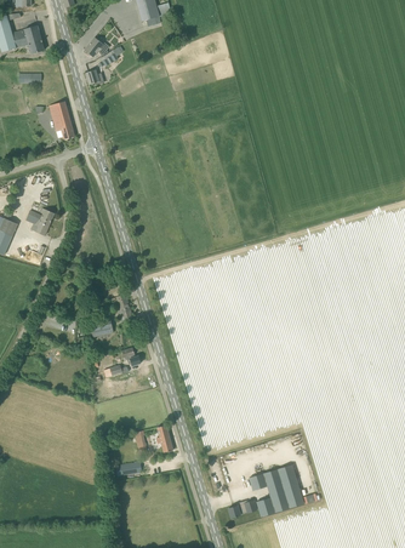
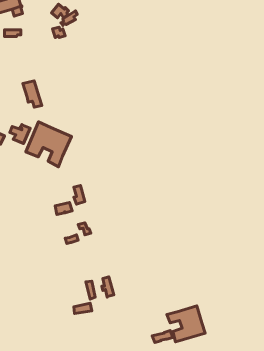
building: [47,102,74,139] -> [23,81,42,107]
building: none -> [26,122,71,167]

